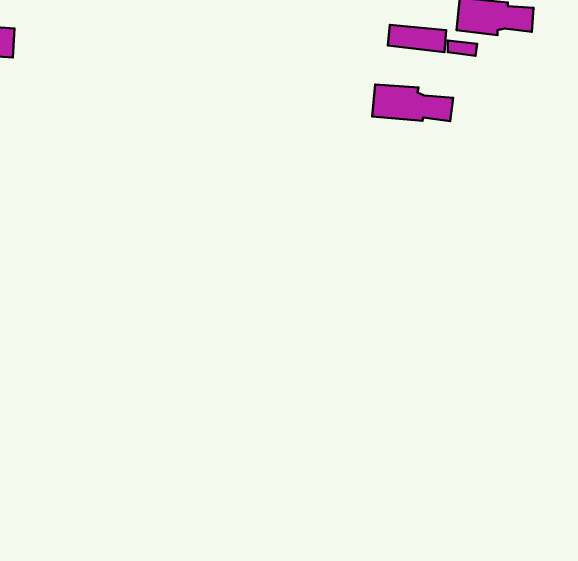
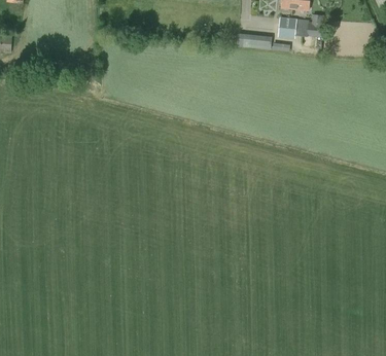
building: [372,84,453,121] -> none

